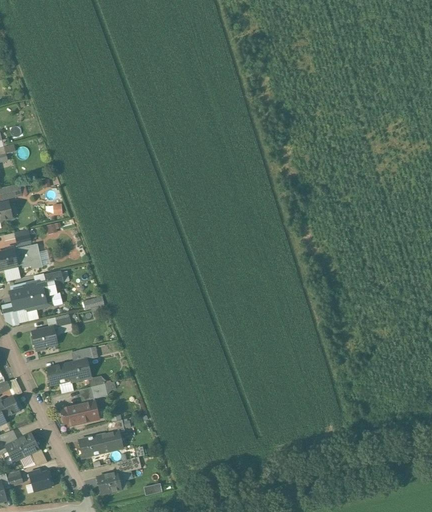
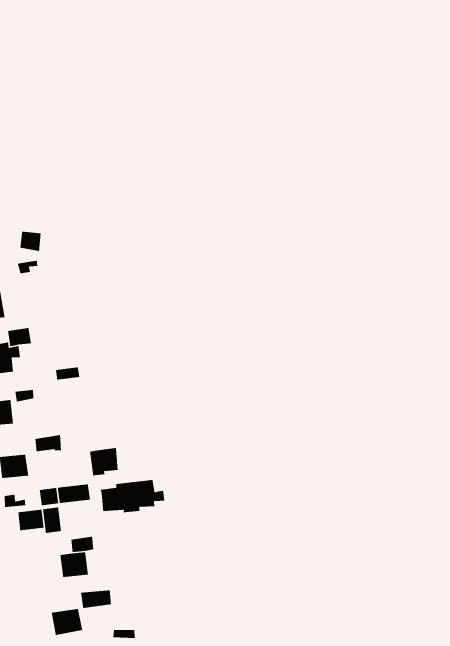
building: [67,359,90,382] -> [89,447,119,476]
building: none -> [100,479,165,513]
building: [78,435,103,457] -> none

